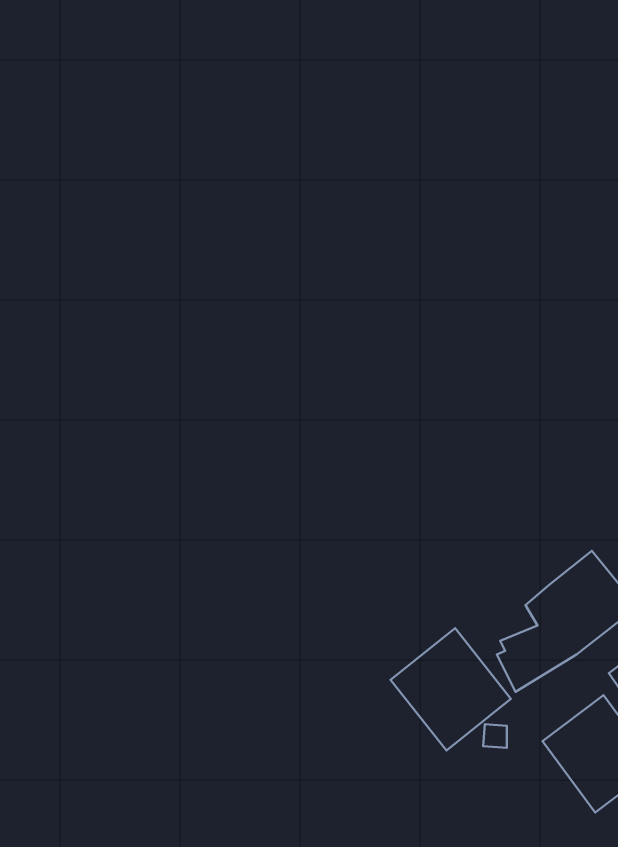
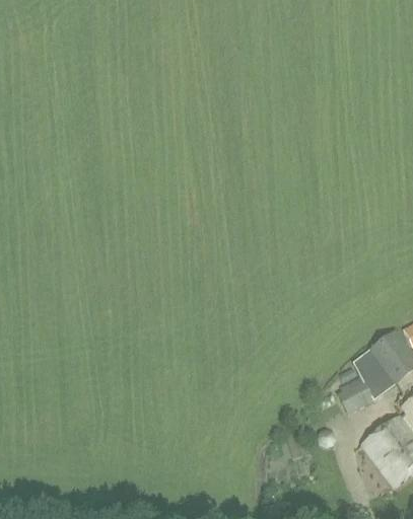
building: [391,628,511,750] -> none

